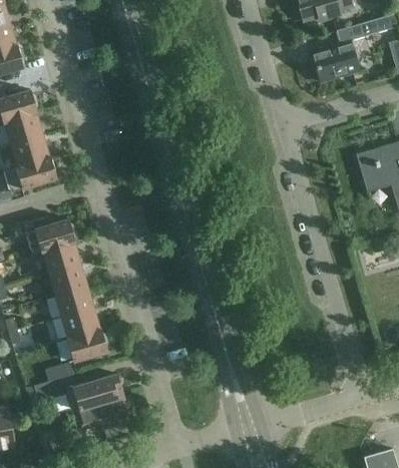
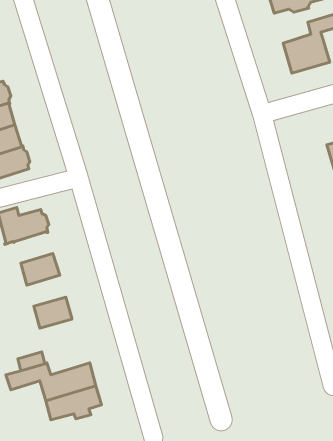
building: [41,241,79,273] -> none
building: [53,285,92,316] -> none
building: [65,328,107,361] -> none

